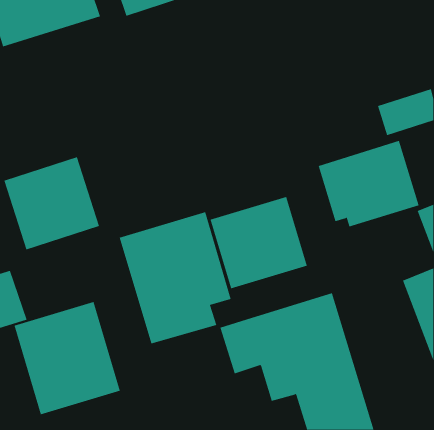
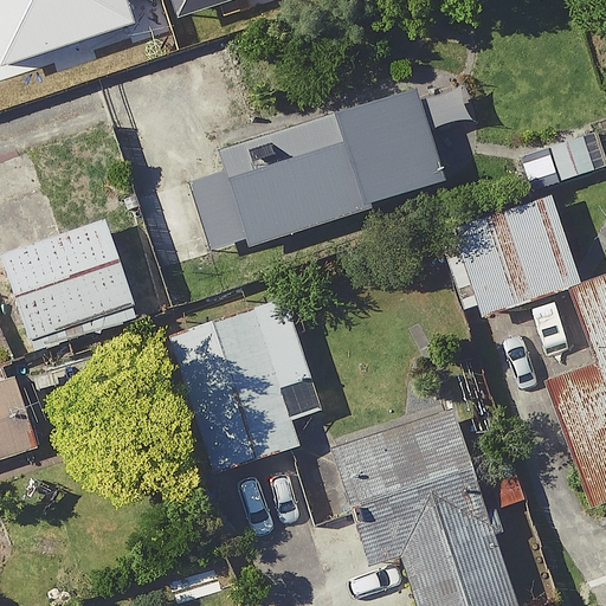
building: none -> [193,89,444,251]
building: [210,196,307,289] -> none
building: [14,301,121,415] -> none

